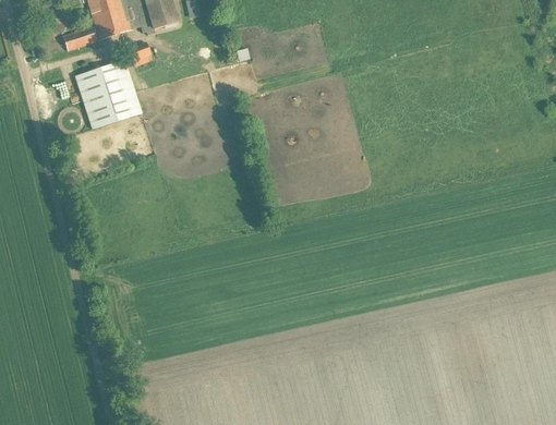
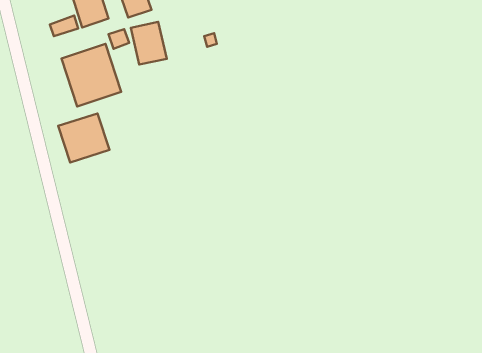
building: none -> [131,22,167,65]
building: none -> [58,113,110,162]

